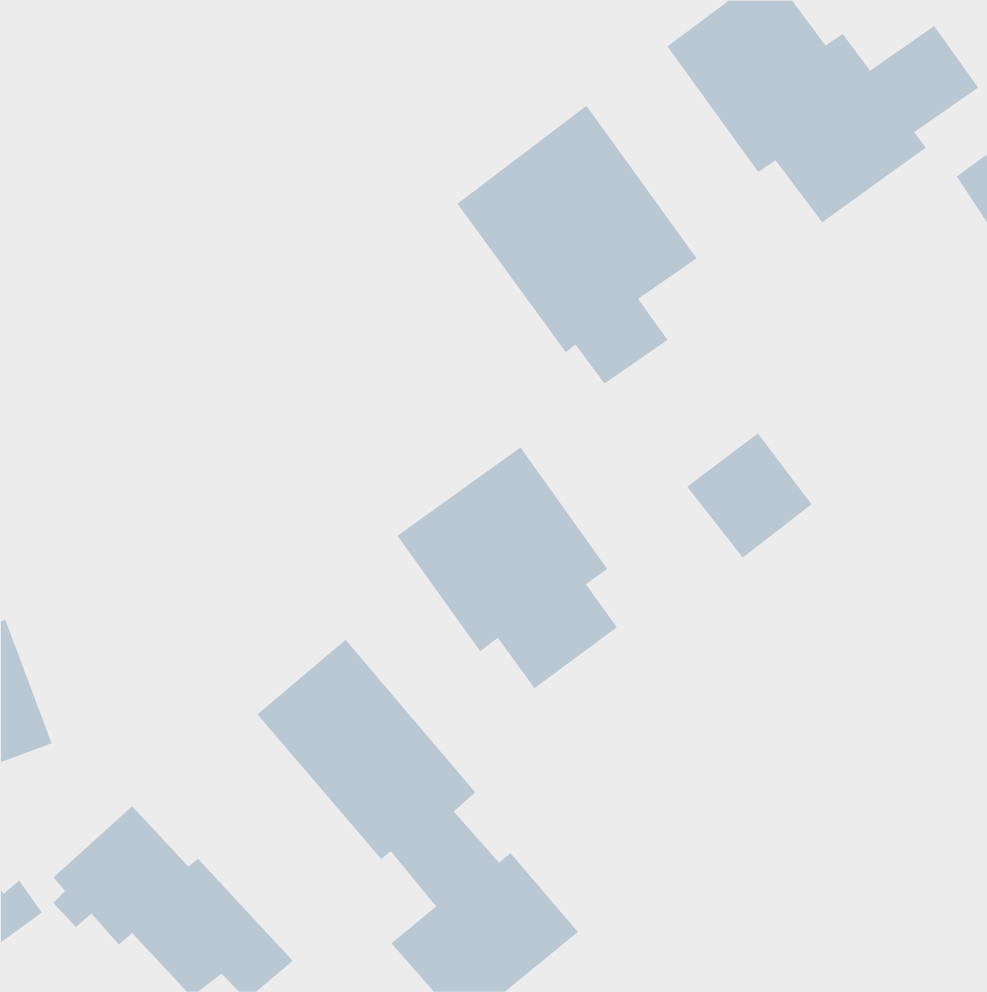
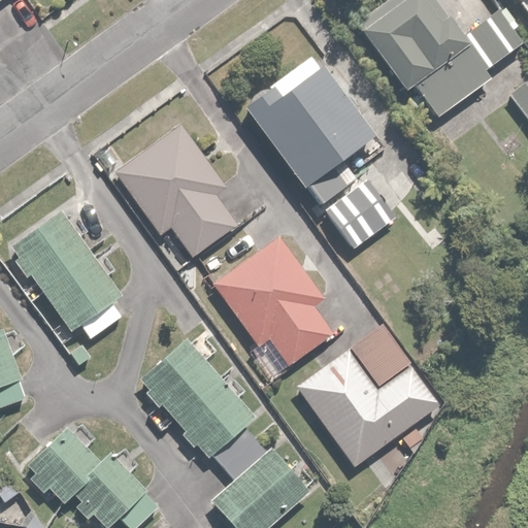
building: none -> [117,123,240,259]
building: none -> [13,213,125,340]
building: [686,432,813,559] -> [328,183,395,250]
building: none -> [297,326,439,464]

